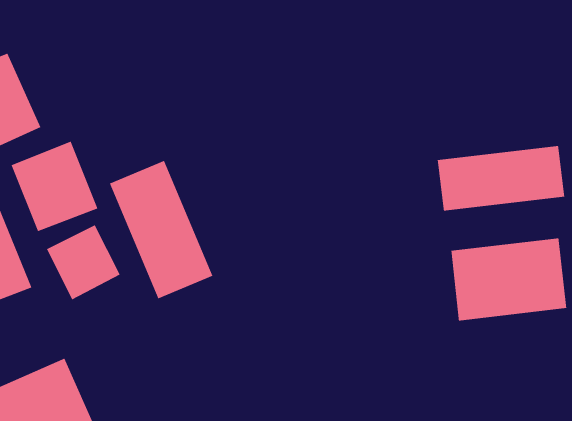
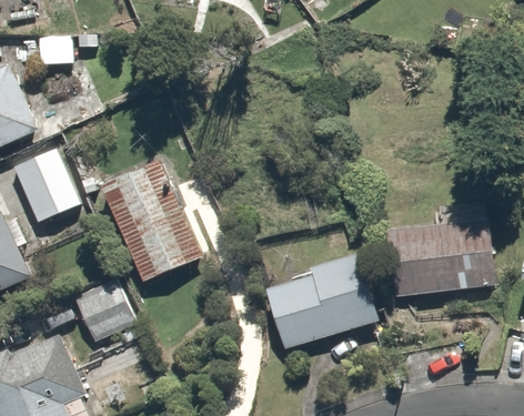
building: [437,145,565,212] -> none
building: [46,224,121,301] -> [70,273,134,338]
building: none -> [263,254,383,347]

